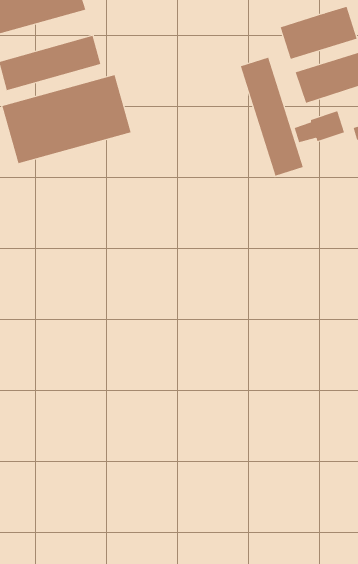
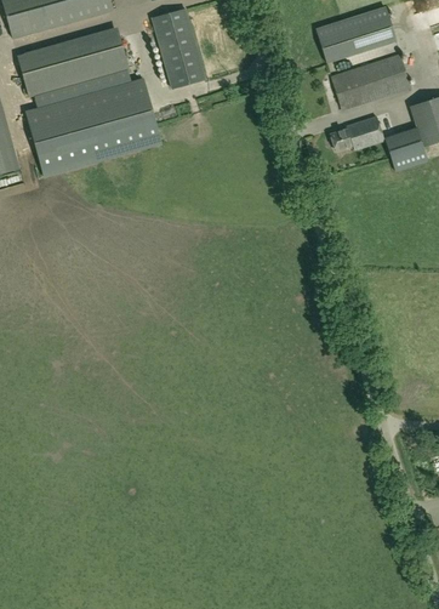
building: none -> [152,8,204,89]
building: [240,57,303,177] -> none

